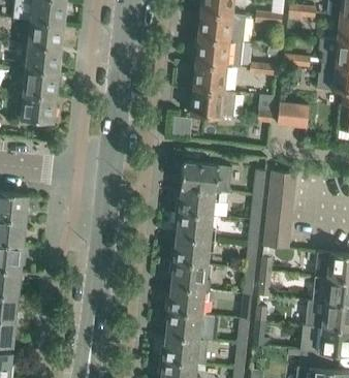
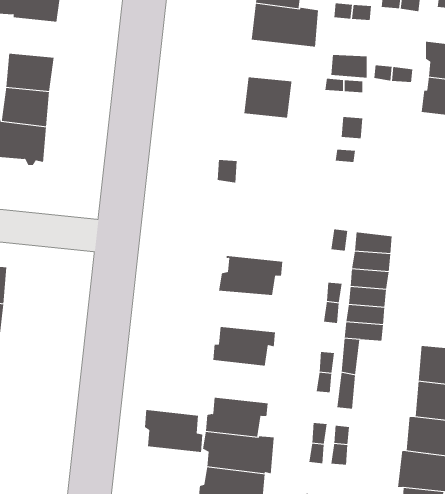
building: [28,23,62,51] -> none
building: [195,38,243,69] -> none
building: [189,90,235,120] -> none
building: [276,103,308,128] -> none
building: [180,164,231,194] -> none
building: [173,214,216,243] -> none
building: [169,262,211,292] -> [144,410,203,452]

